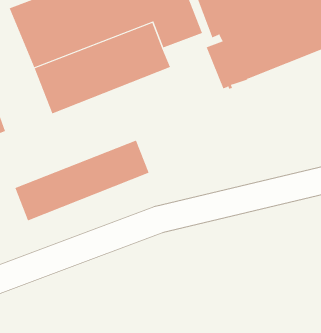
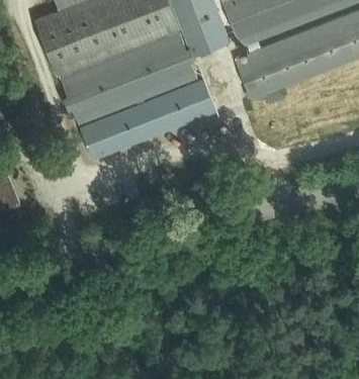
building: [15,140,150,221] -> [79,76,215,158]

